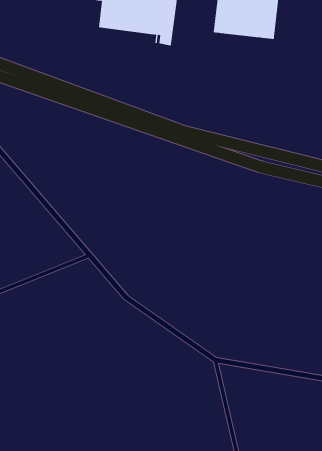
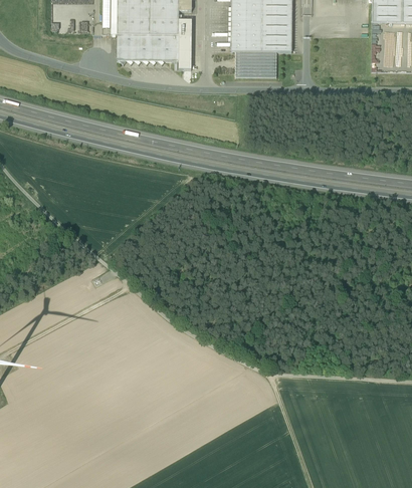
building: none -> [235,51,276,77]

